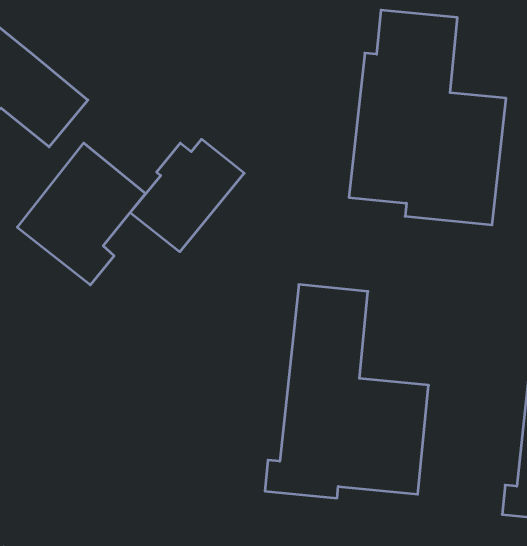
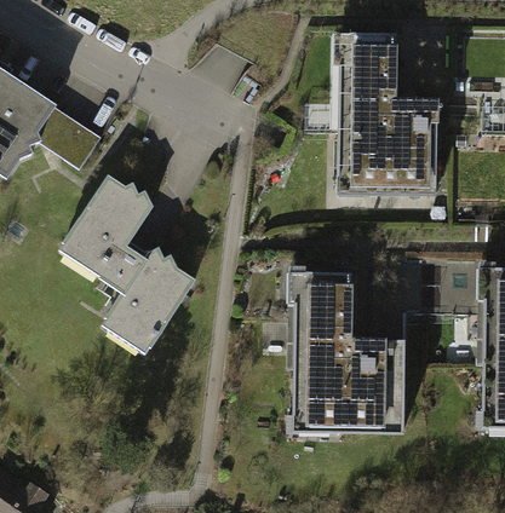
building: [130,139,244,252] -> [105,258,195,351]

